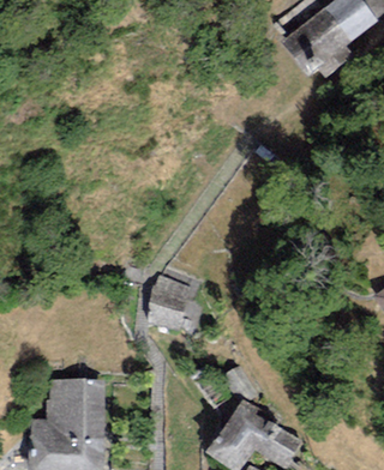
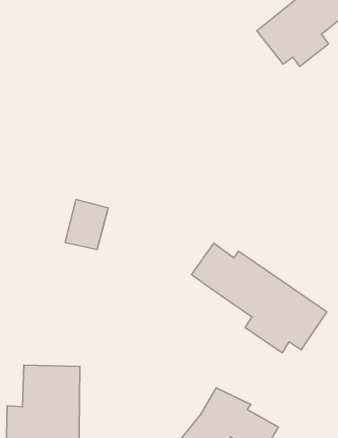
building: none -> [192,243,327,353]
building: [146,276,190,326] -> [65,199,108,250]

